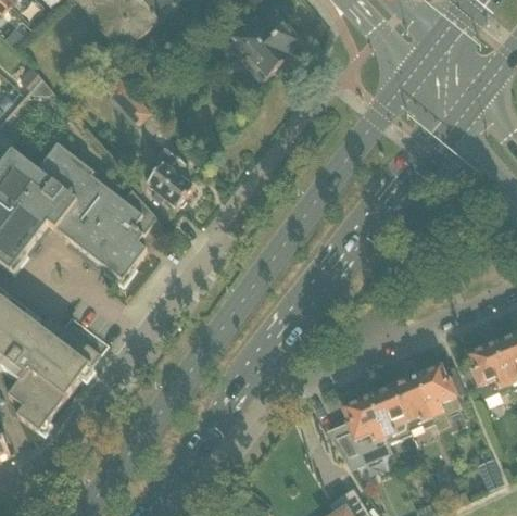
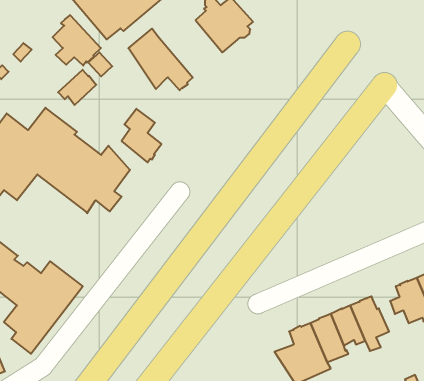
building: none -> [53,15,101,66]
building: none -> [128,29,193,90]
building: none -> [58,70,96,105]

